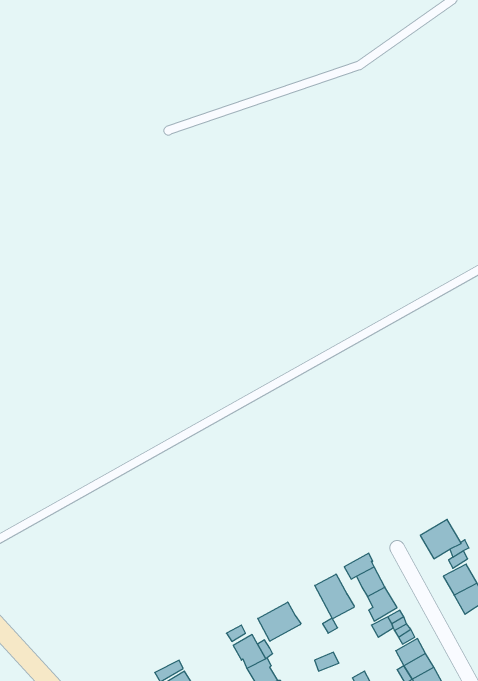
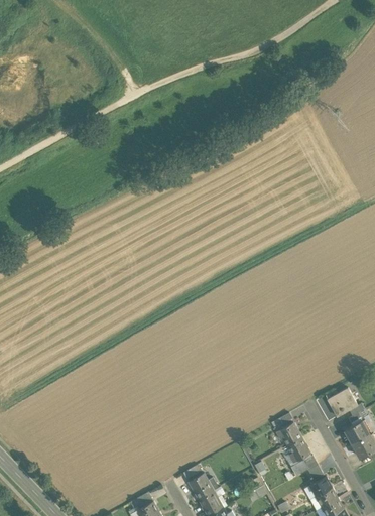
building: [315,574,354,619] -> none
building: [258,602,301,641] -> none

